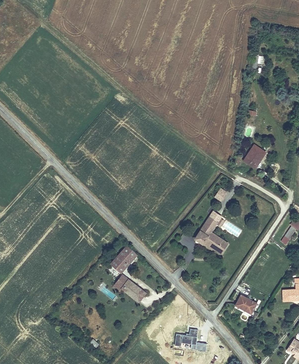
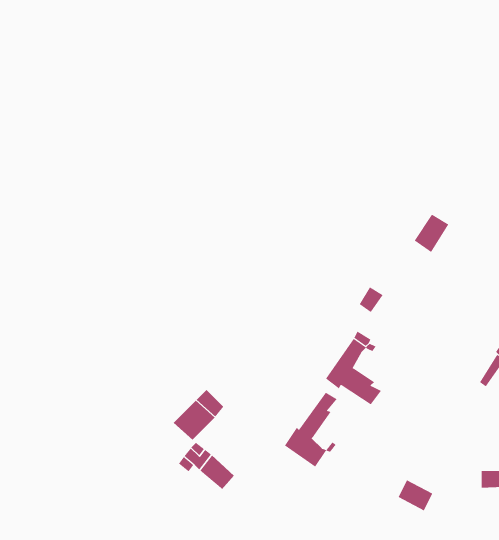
building: none -> [284,392,337,467]

